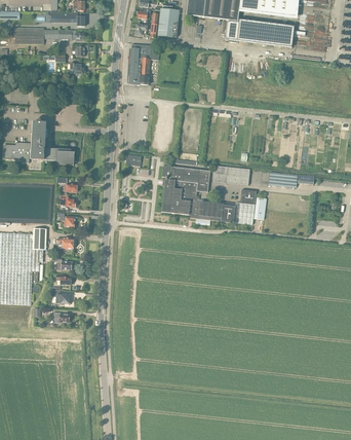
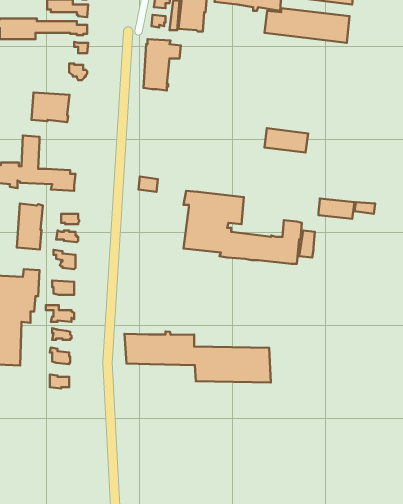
building: none -> [32,92,69,122]
building: [212,164,247,184] -> [264,128,308,153]
building: none -> [17,204,43,249]
building: none -> [124,331,271,383]

